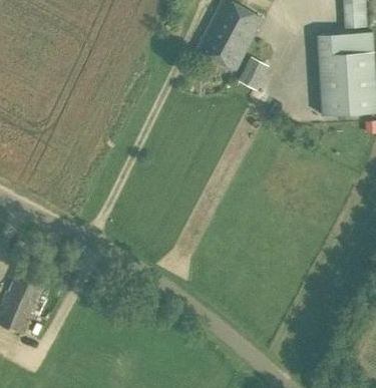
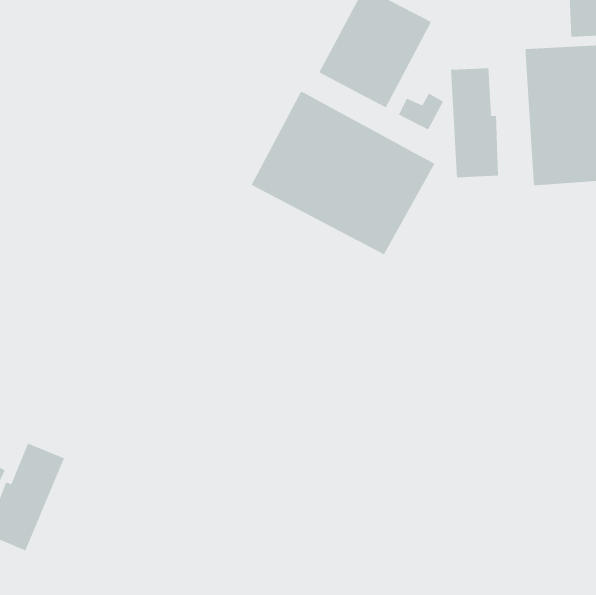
building: none -> [451,67,498,178]
building: none -> [251,91,435,255]

